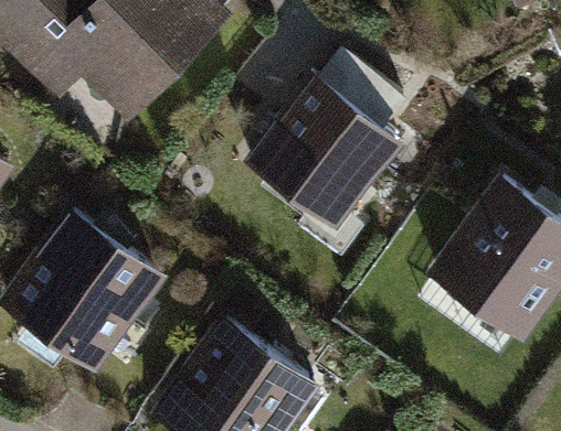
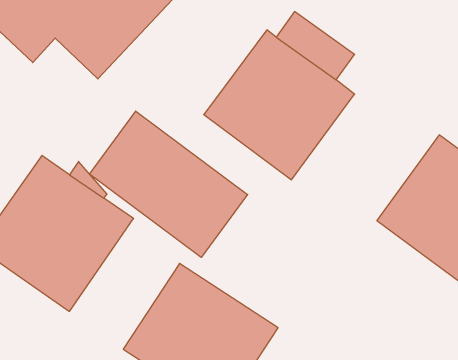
building: none -> [89,111,248,257]

